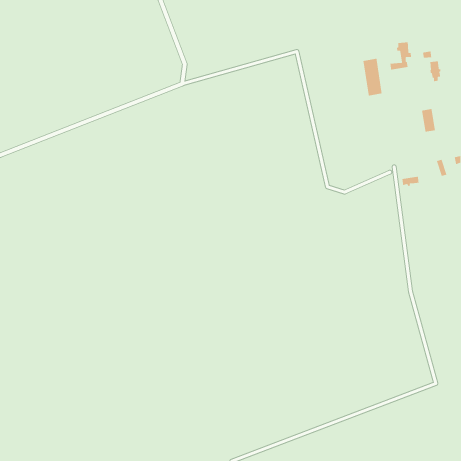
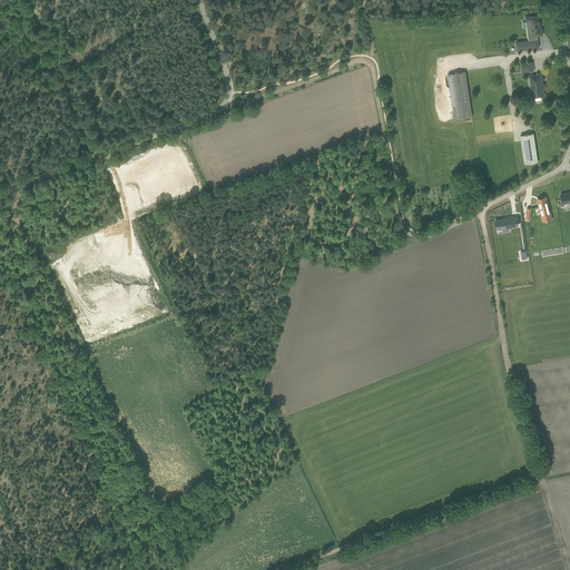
building: [389,41,412,70] -> [515,16,543,51]

